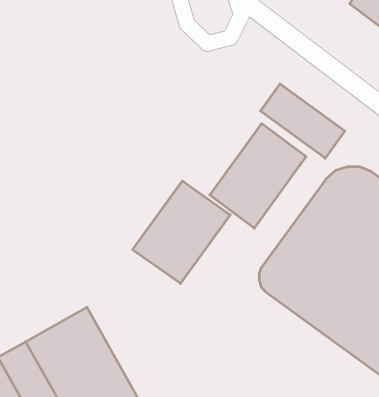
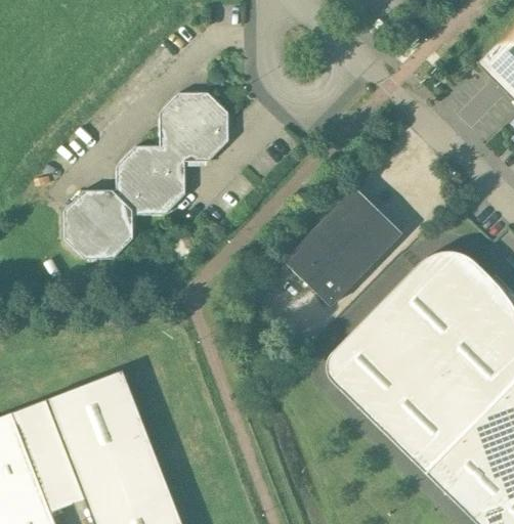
building: none -> [63,93,228,260]
building: [260,84,345,158] -> none
building: [133,181,230,284] -> none

